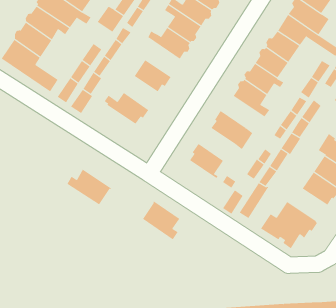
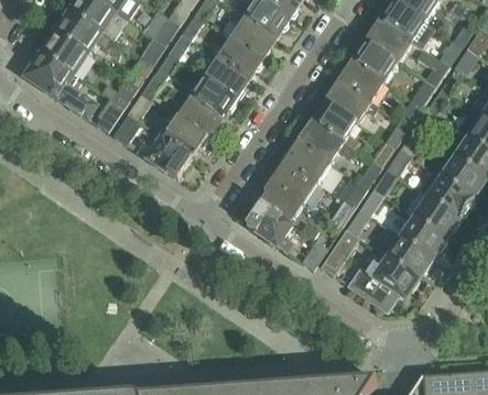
building: none -> [202,51,248,100]
building: none -> [165,85,220,141]
building: none -> [297,123,353,163]
building: none -> [270,163,315,204]
building: [67,169,112,205] -> [137,134,193,179]
building: none -> [377,231,432,278]
building: [142,200,180,240] -> [246,202,293,252]

